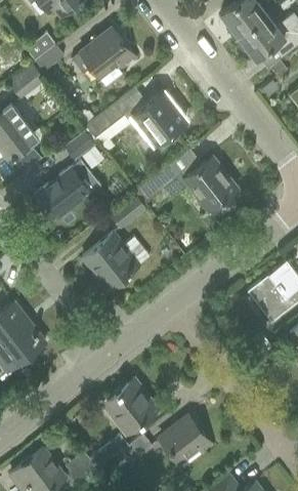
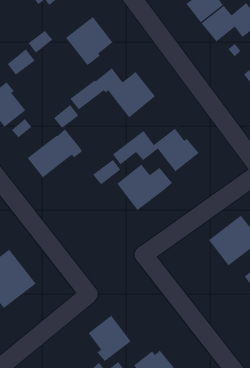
building: [82,234,148,289] -> [116,164,173,211]

